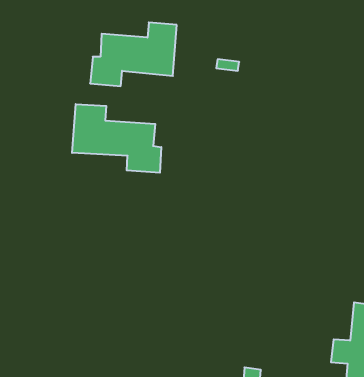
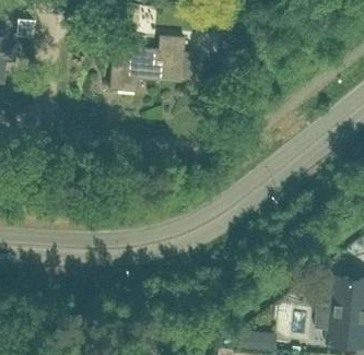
building: [72,104,161,173] -> none

